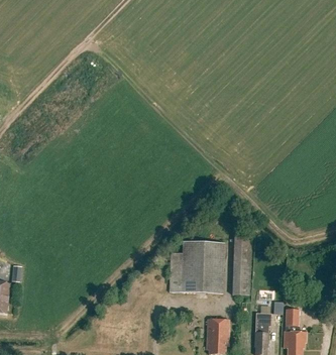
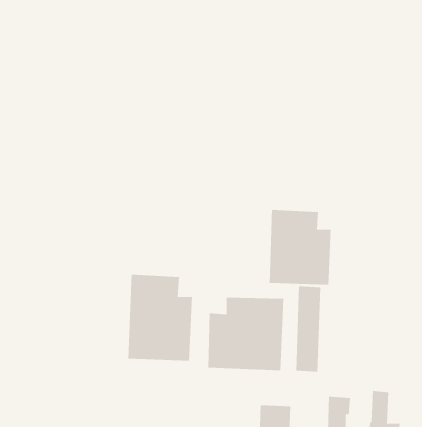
building: none -> [269,209,331,285]
building: none -> [128,274,192,361]

